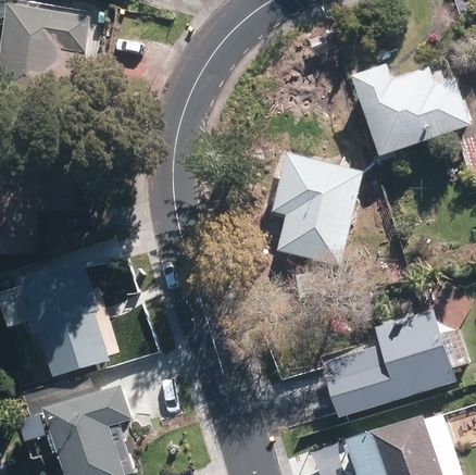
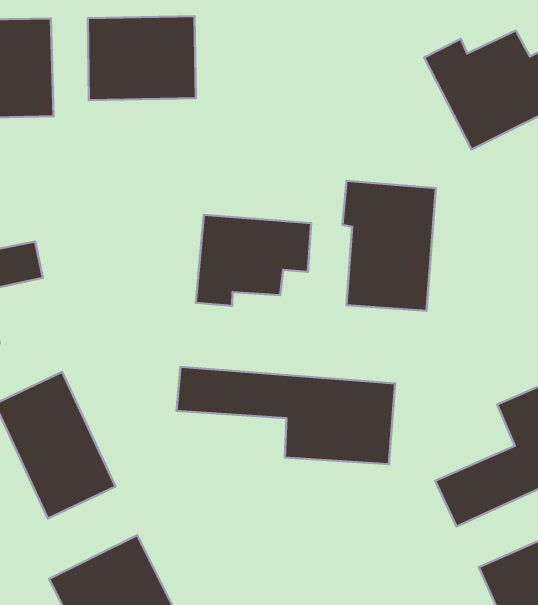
building: none -> [88,16,196,100]
building: none -> [196,215,311,306]
building: none -> [177,367,395,464]

